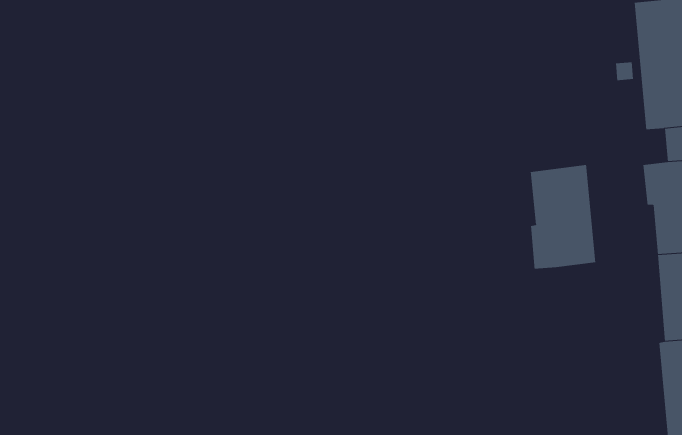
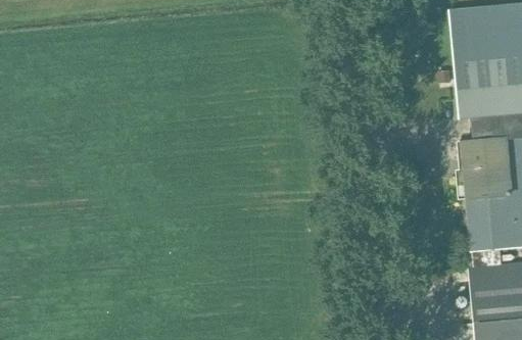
building: [530,164,596,269] -> none

